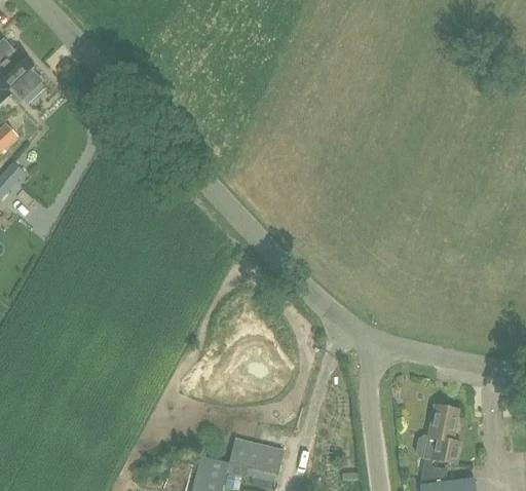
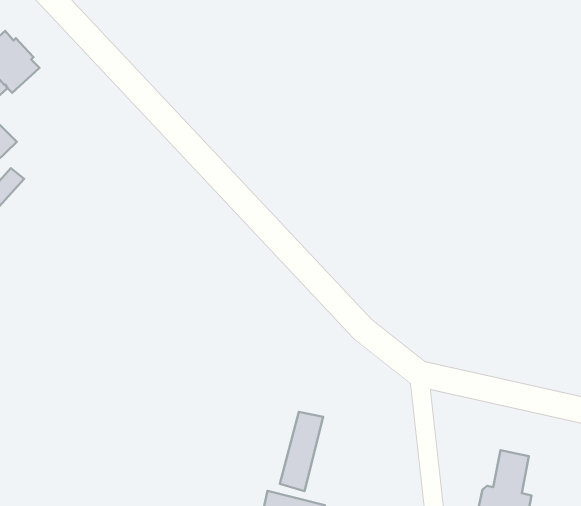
building: none -> [280,412,323,491]

